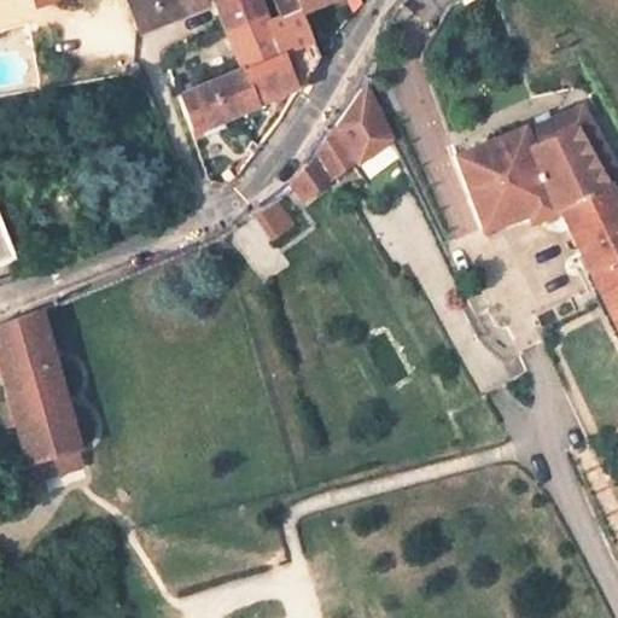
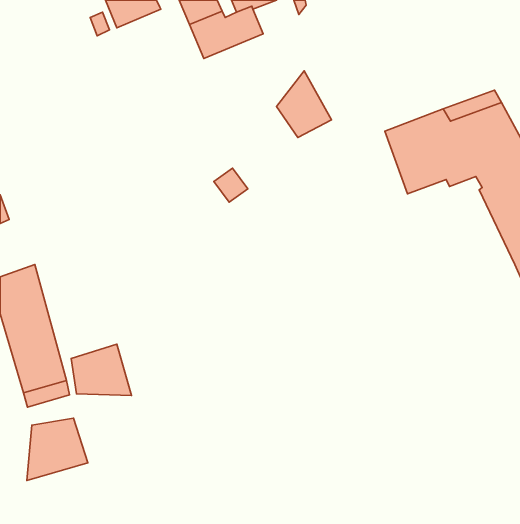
building: [180,40,321,132] -> none
building: [284,126,355,199] -> none
building: none -> [71,344,131,396]
building: none -> [27,418,88,480]

